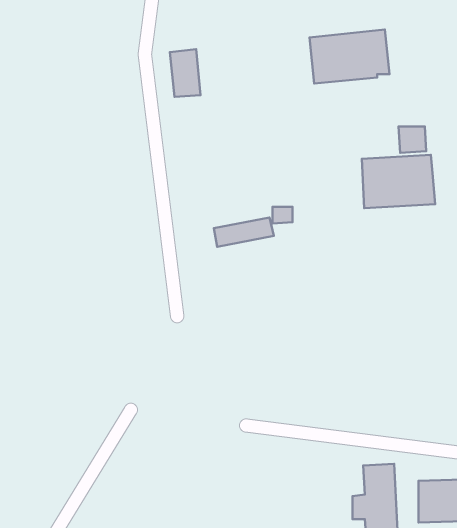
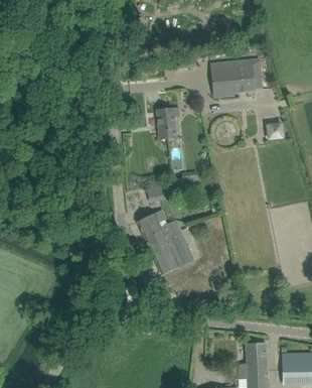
building: [170,49,201,97] -> [156,108,176,139]
building: [362,155,435,208] -> none
building: none -> [137,210,194,275]

